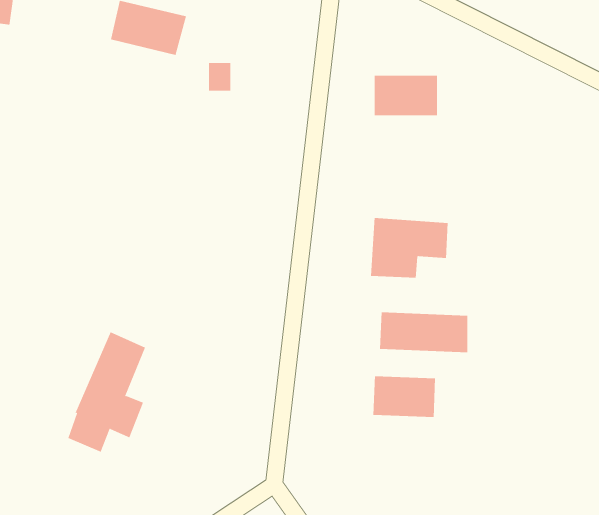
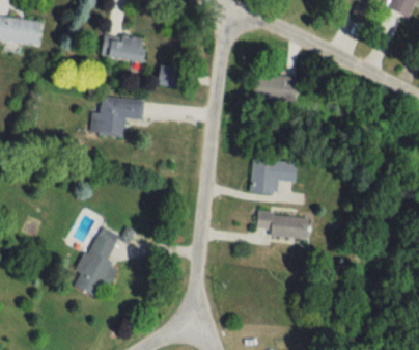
building: none -> [91,98,144,136]
building: [373,375,436,418] -> none

